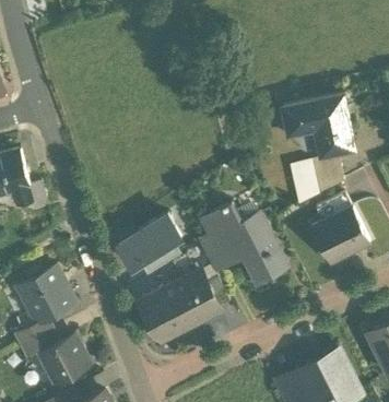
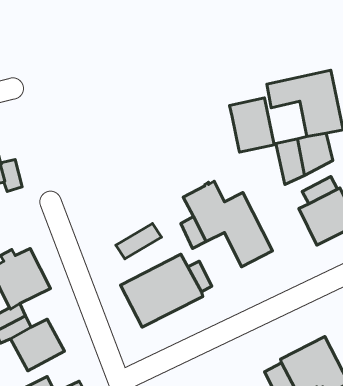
building: none -> [229,98,274,152]
building: [117,214,181,268] -> none

